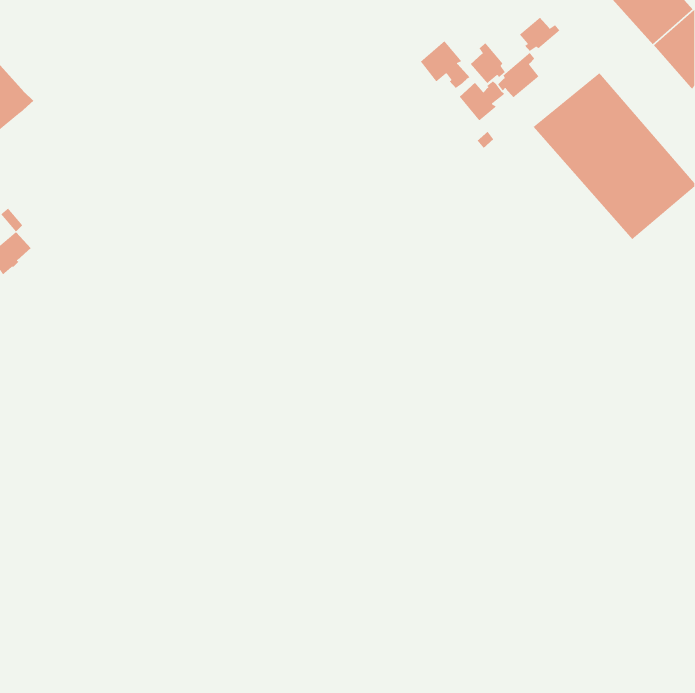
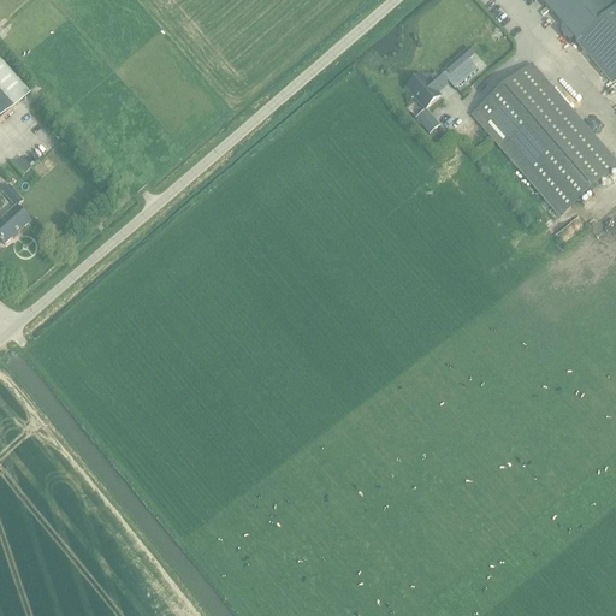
building: [519,17,561,52] -> none
building: [420,40,470,89] -> none
building: [470,42,506,84] -> none

